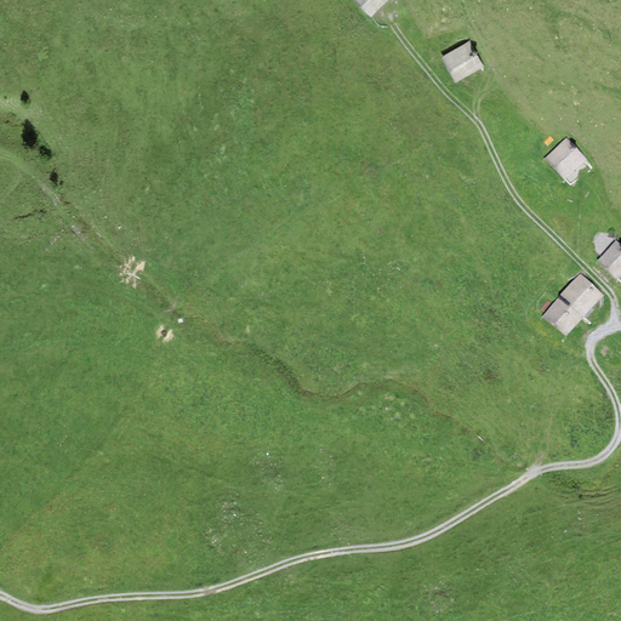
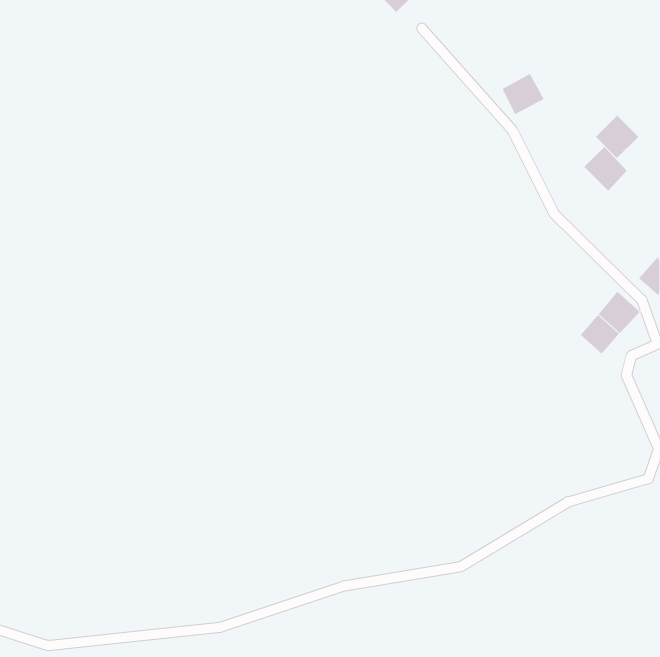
building: [443,40,483,79] -> [502,73,545,115]
building: none -> [595,115,639,159]

